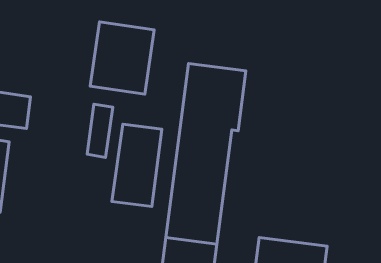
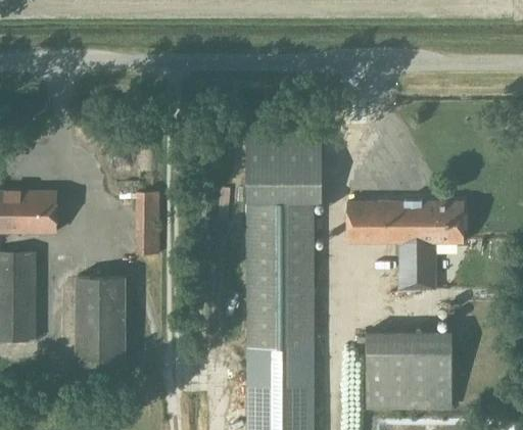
building: [90,22,154,94] -> none
building: [112,124,162,207] -> [75,278,126,377]
building: none -> [347,202,463,290]

